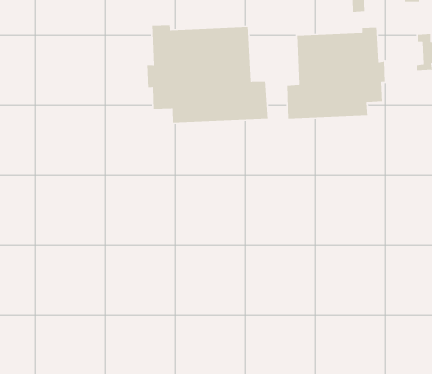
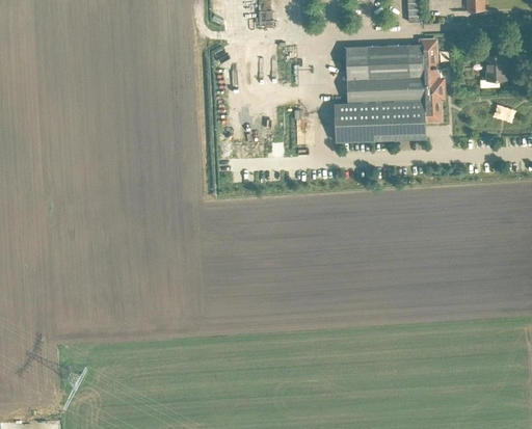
building: [146,25,269,124] -> none

